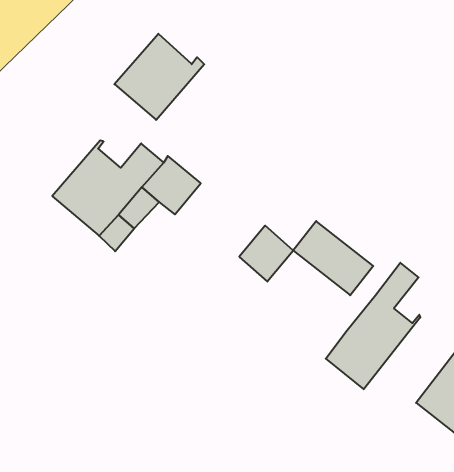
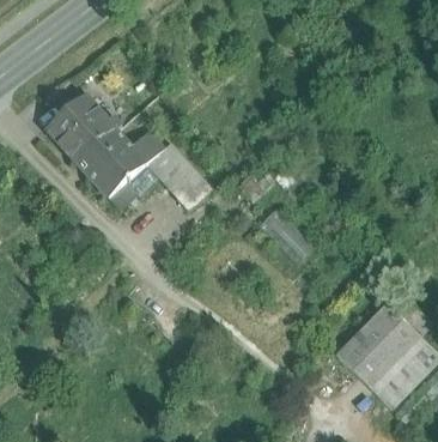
building: [114,34,204,120] -> [48,96,118,162]
building: [239,226,293,282] -> [169,165,211,208]
building: [326,263,420,389] -> none

